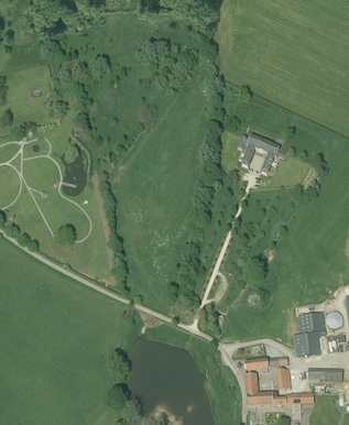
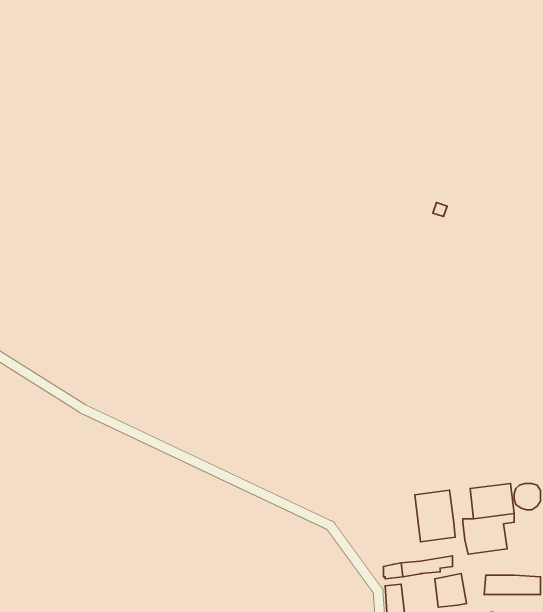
building: [238,135,286,174] -> none
building: none -> [415,490,455,542]

